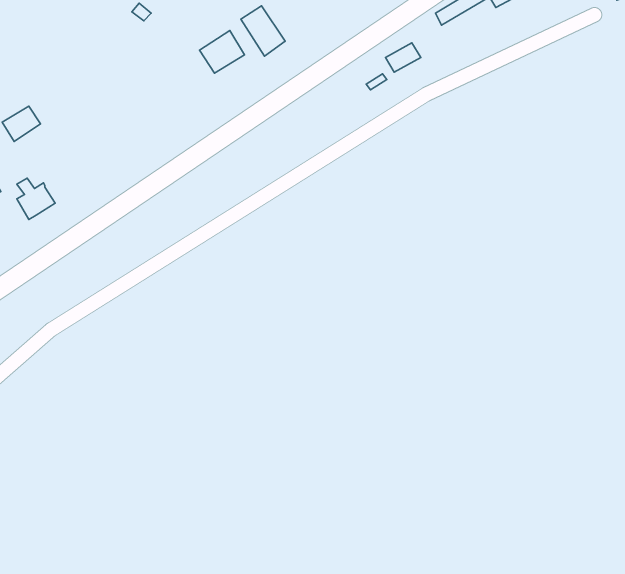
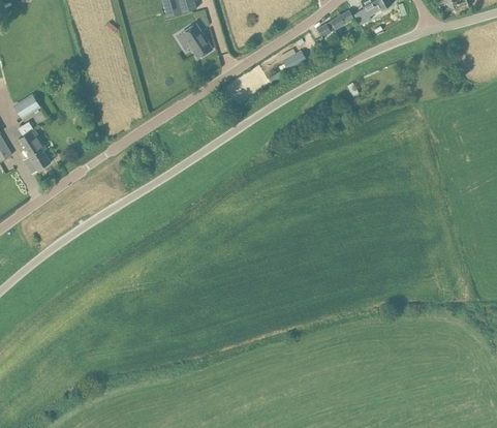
building: [200,31,244,73] -> none
building: none -> [18,121,46,151]

